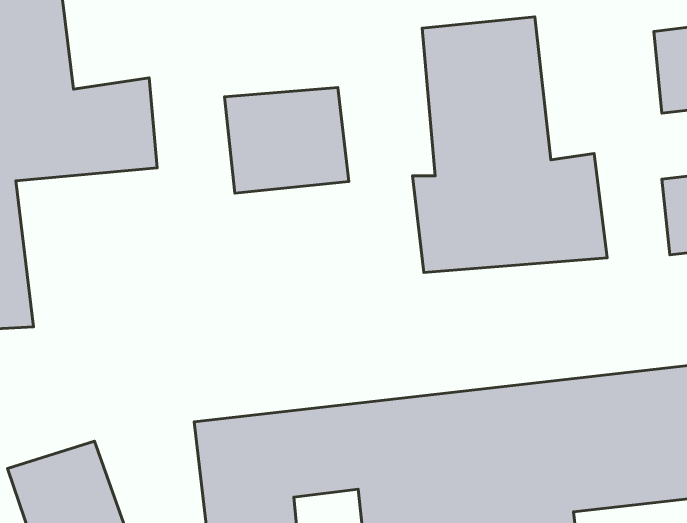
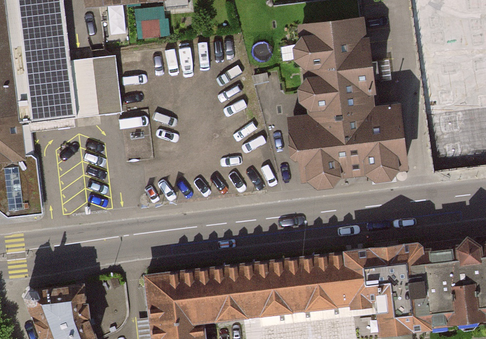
building: [224,88,349,193] -> none

